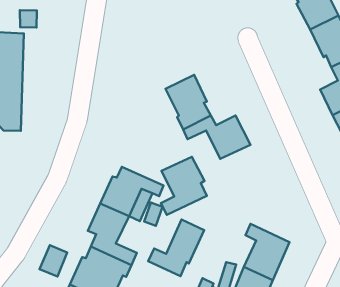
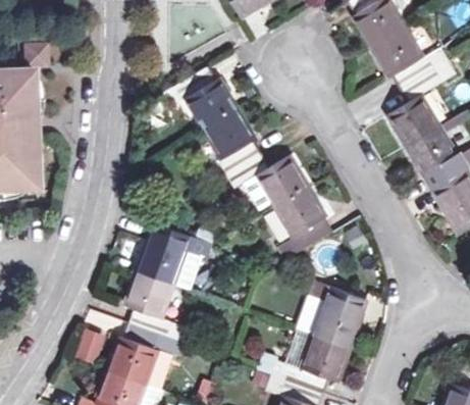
building: none -> [164,66,238,129]
building: [161,157,207,215] -> [276,188,332,259]
building: [148,220,204,276] -> none

